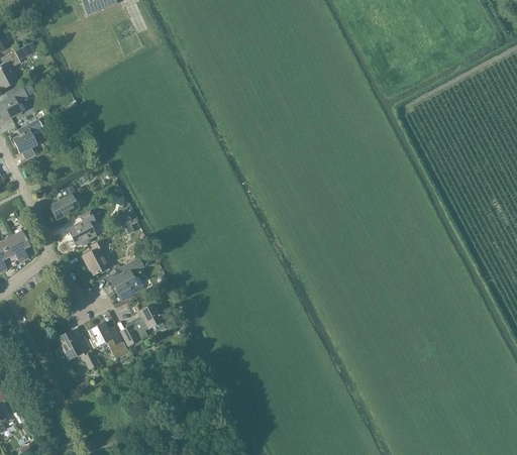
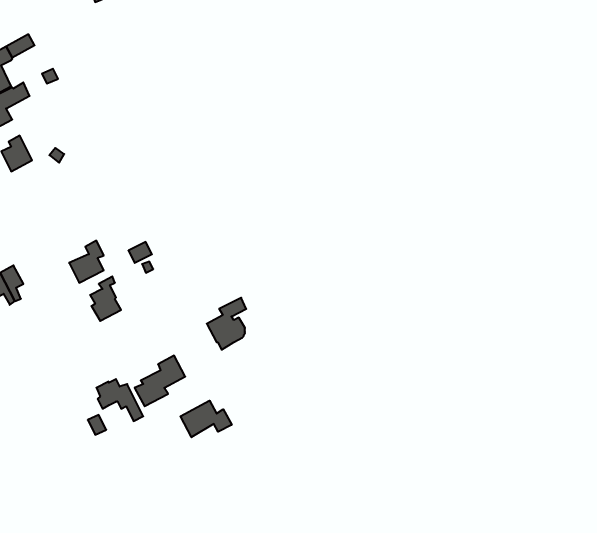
building: [48,185,78,219] -> none
building: [110,257,142,300] -> [207,298,246,350]
building: [57,330,84,367] -> none
building: none -> [180,401,232,437]

